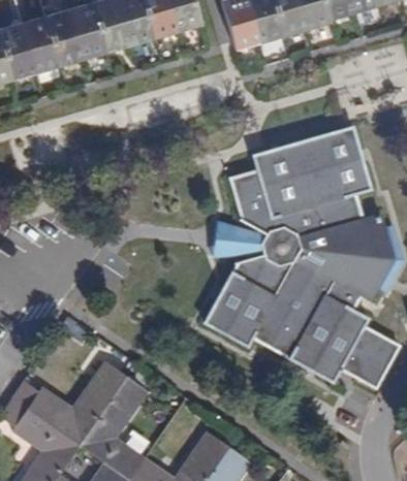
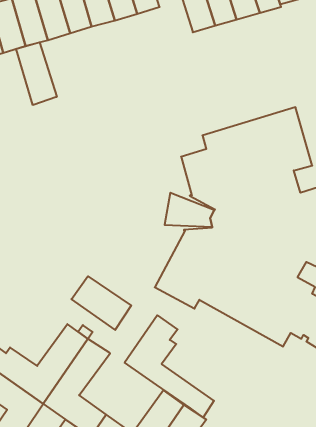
building: none -> [16,42,57,105]
building: none -> [71,276,131,330]
building: none -> [125,315,214,417]

